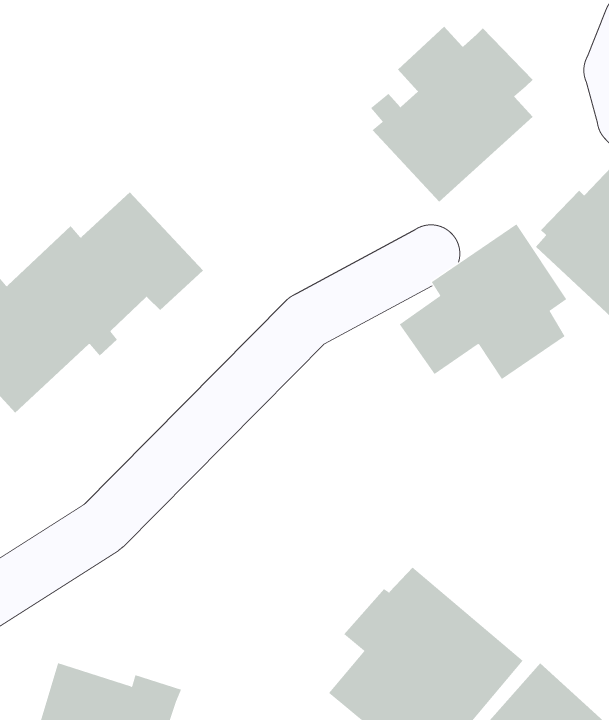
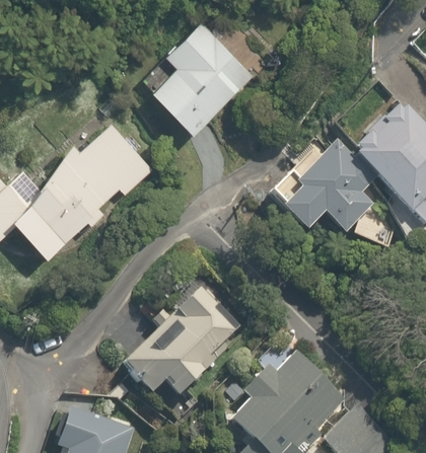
building: [370,26,533,203] -> [150,29,248,136]
building: none -> [115,279,240,400]

